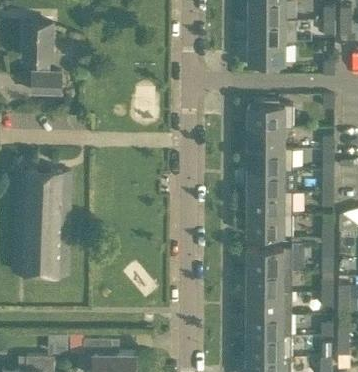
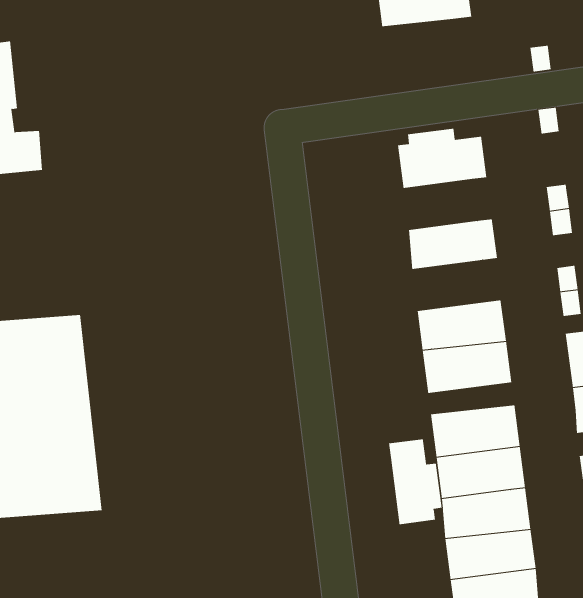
building: [247,44,285,73] -> none
building: [247,130,284,152] -> none
building: [246,173,284,195] -> none
building: none -> [389,438,442,525]

